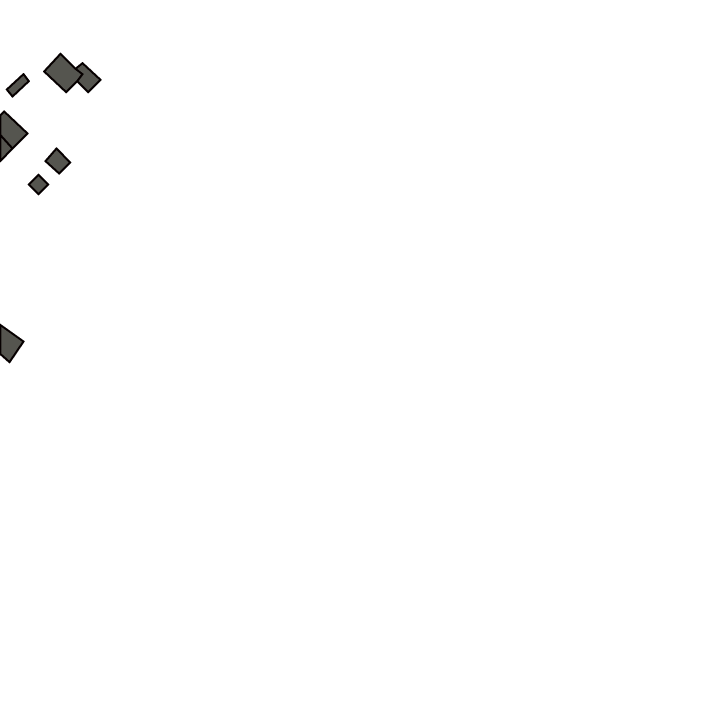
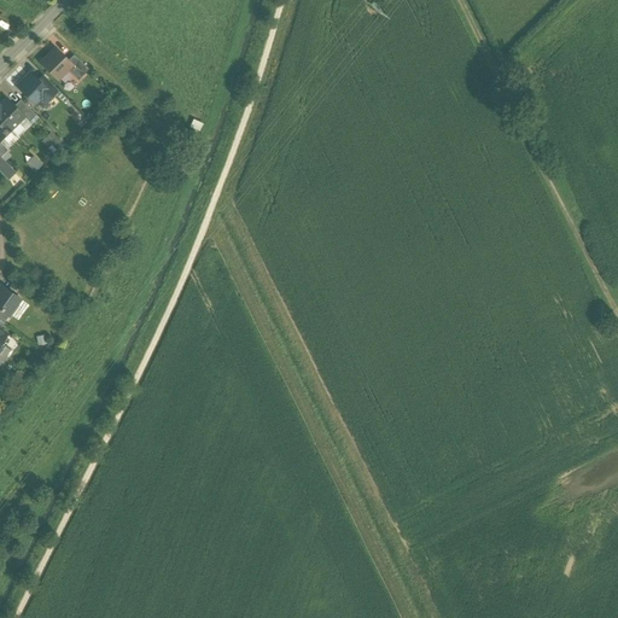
building: none -> [17,74,57,105]

